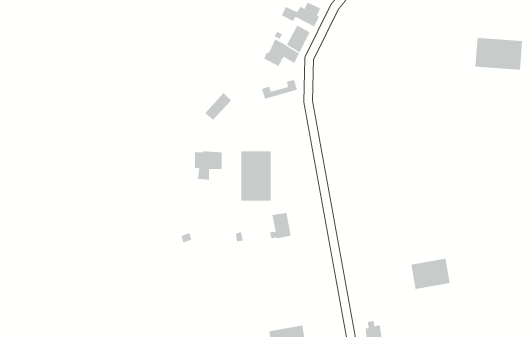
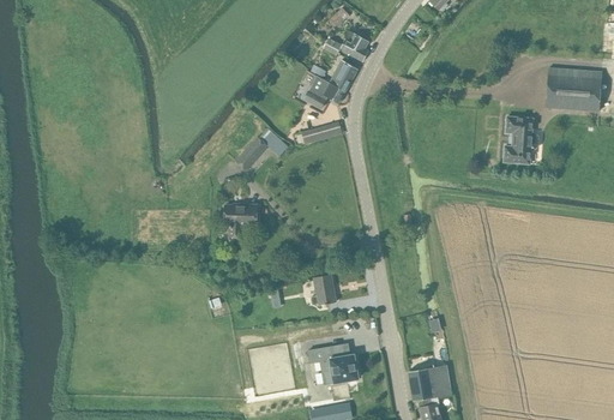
building: none -> [504,115,540,163]
building: [241,150,271,201] -> none
building: [411,258,450,290] -> [407,362,452,398]
building: none -> [307,346,357,384]

